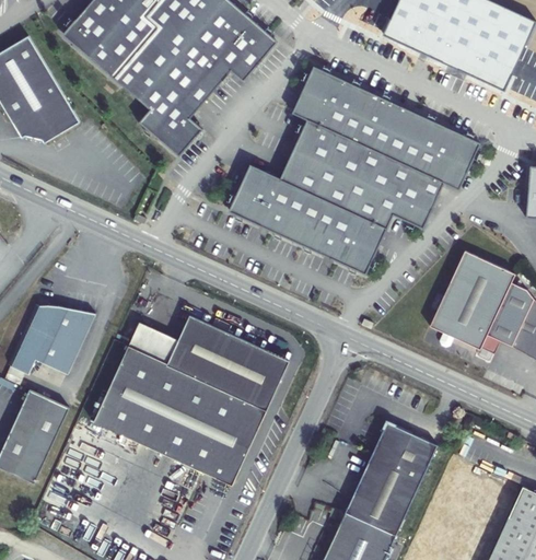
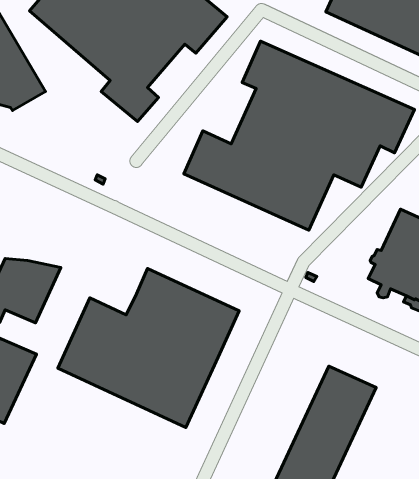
building: [127,324,177,365] -> none

